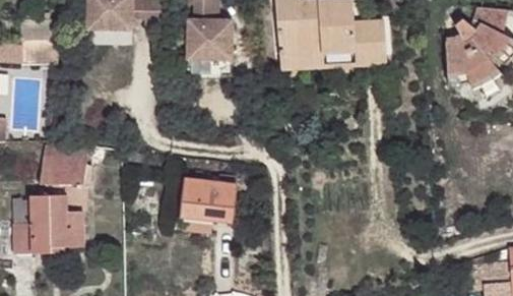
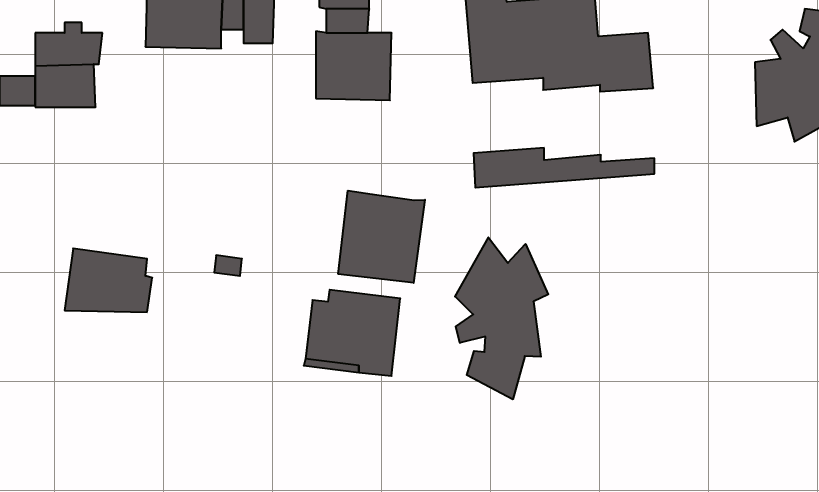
building: [280,47,387,70] -> [474,148,654,188]
building: none -> [338,191,425,283]
building: none -> [455,237,548,399]
building: [14,195,83,254] -> none

